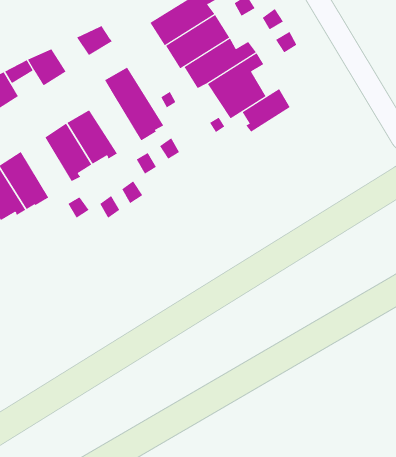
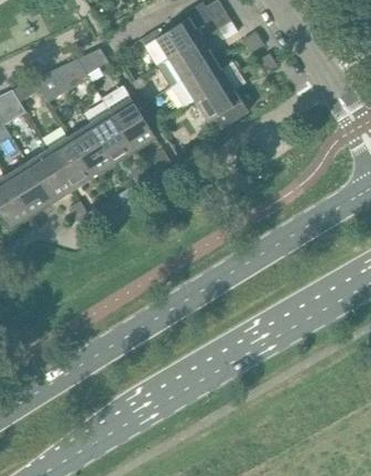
building: [242,88,290,133] -> none
building: none -> [88,110,134,163]
building: none -> [26,149,72,203]

